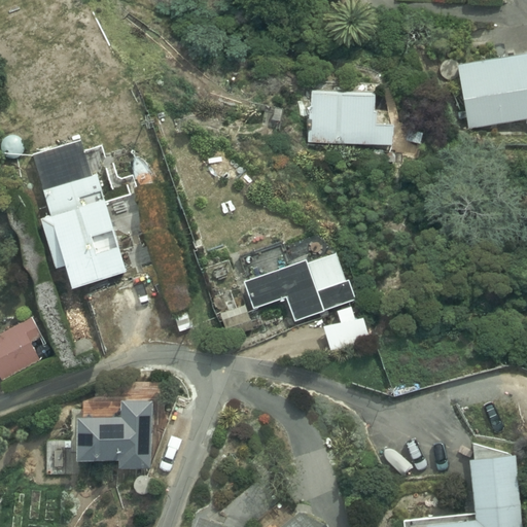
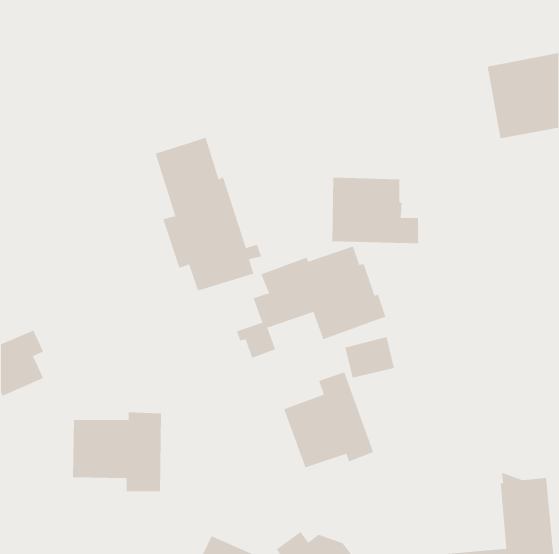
building: [311,91,393,153] -> [331,177,419,244]
building: [33,142,134,287] -> [155,137,262,291]
building: none -> [283,372,374,468]

